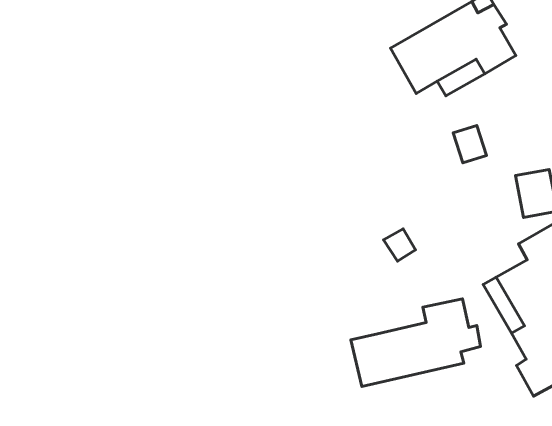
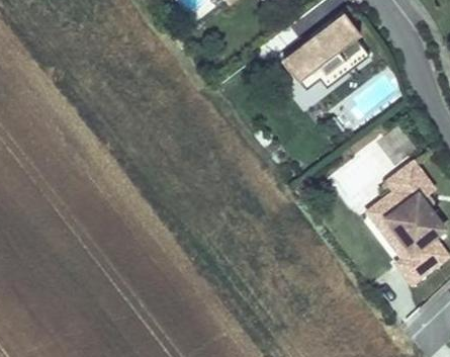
building: [351,299,480,386] -> none

